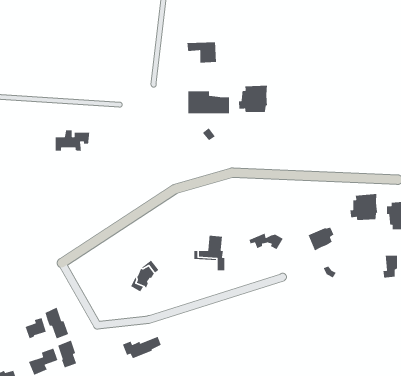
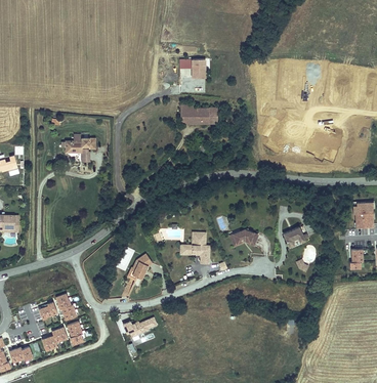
building: [238,85,268,113] -> none
building: [350,193,378,221] -> none

